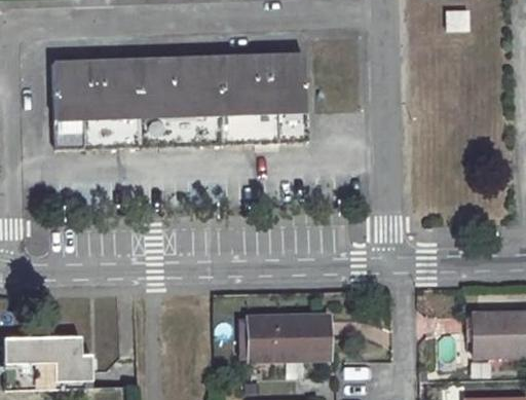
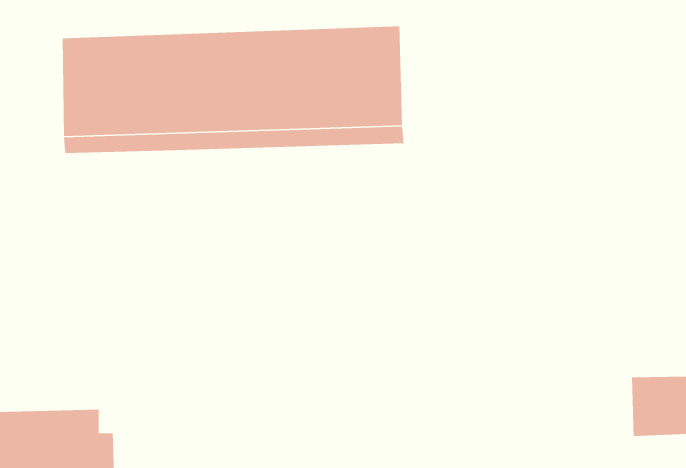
building: [249,315,328,358] -> none

